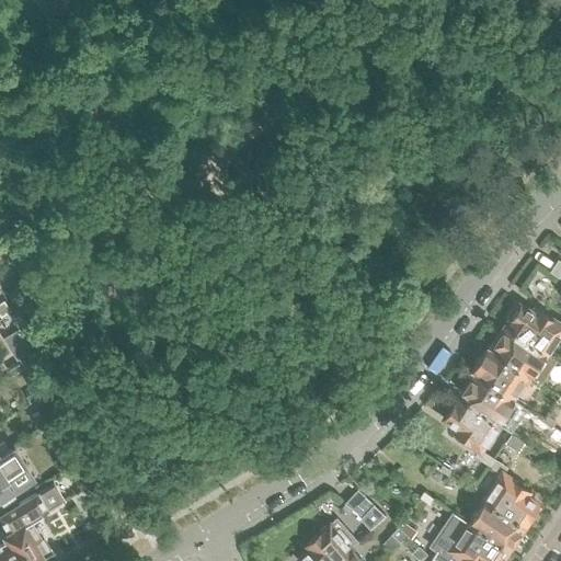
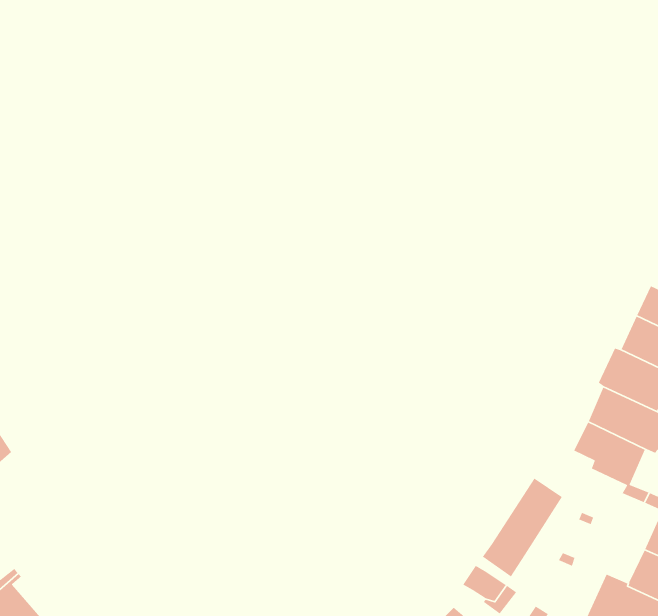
building: none -> [482,478,563,578]

